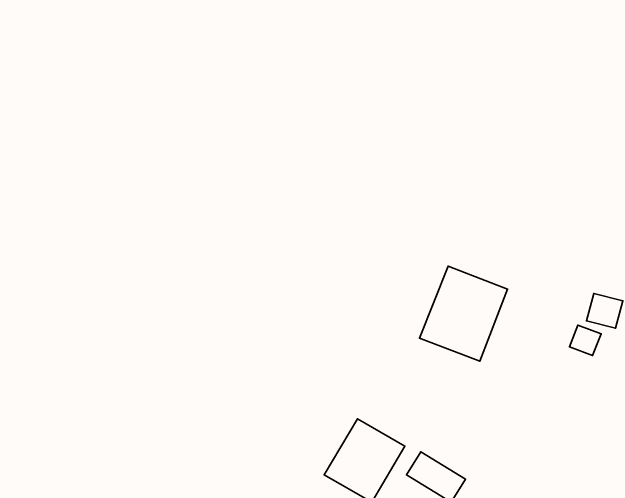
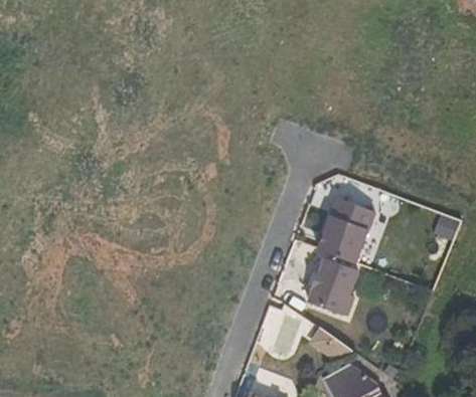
building: none -> [308,255,365,316]

